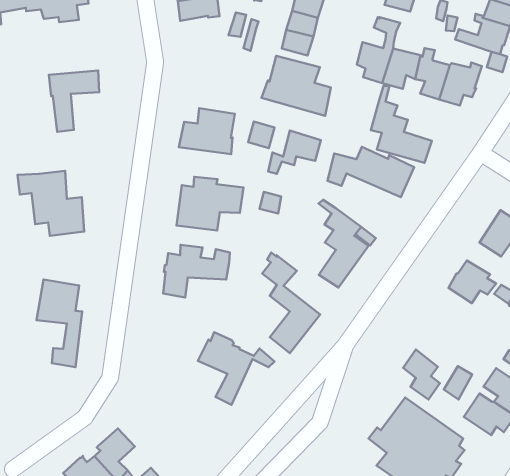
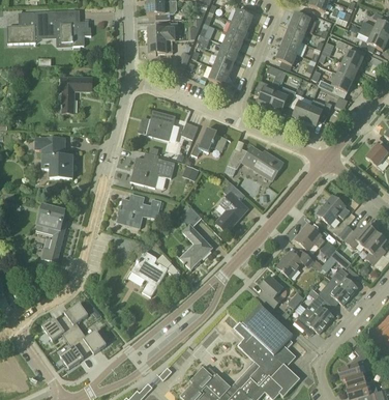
building: [262,56,331,116] -> none
building: [371,86,432,163] -> none
building: none -> [277,251,313,277]

